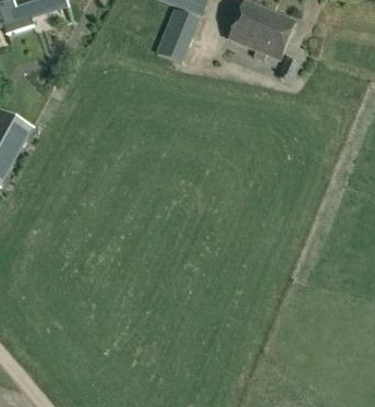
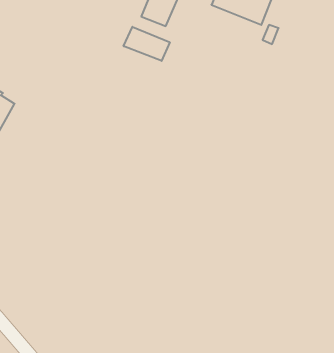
building: none -> [124,27,170,61]

